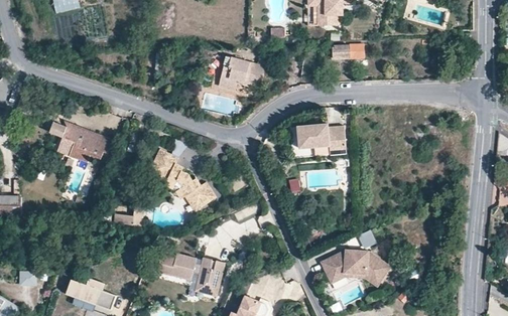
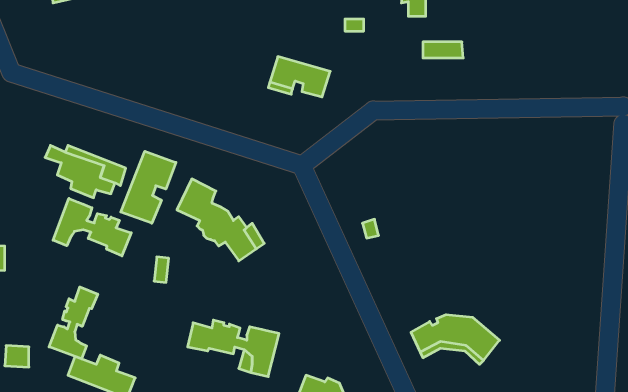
building: [292,121,347,152] -> none
building: none -> [121,151,176,223]
building: none -> [53,198,131,256]
building: none -> [49,287,98,359]

